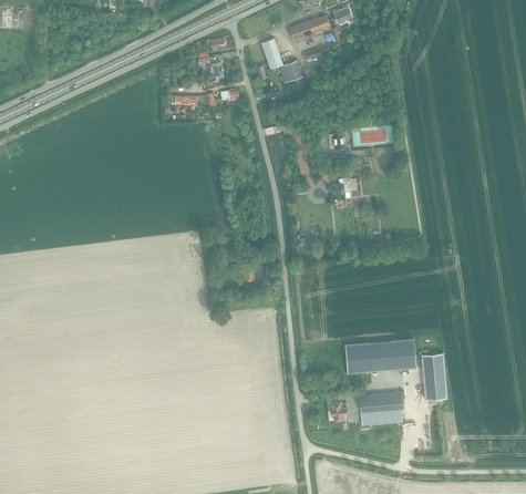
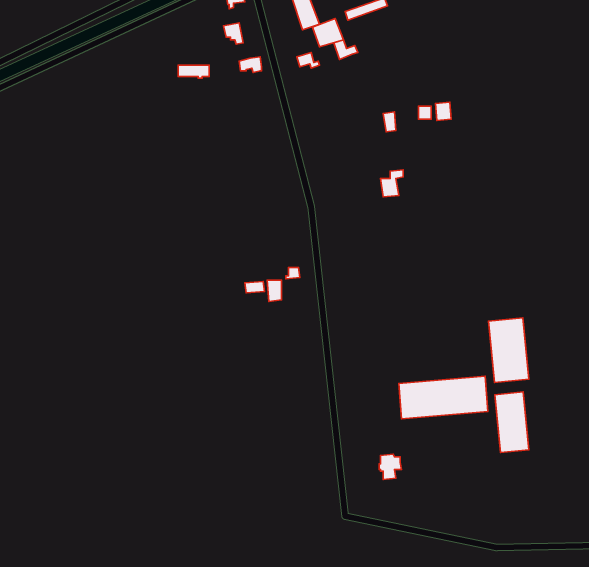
building: none -> [489,318,529,382]
building: [358,391,403,424] -> none

